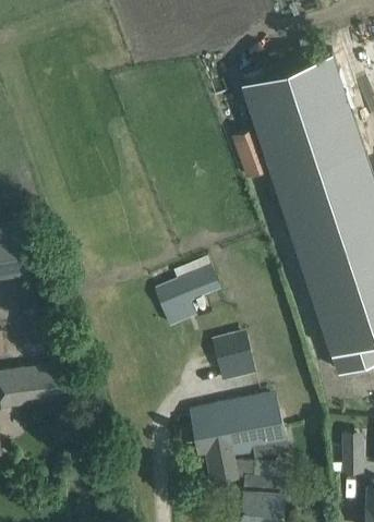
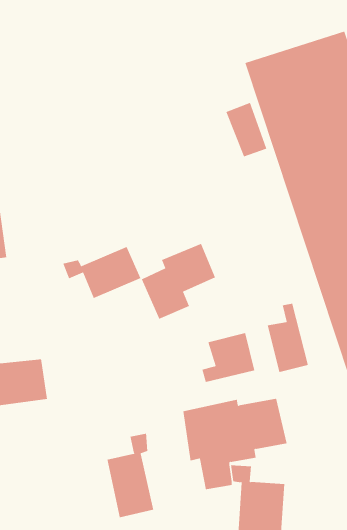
building: none -> [62,246,141,299]
building: none -> [267,303,309,373]
building: none -> [107,433,154,518]

